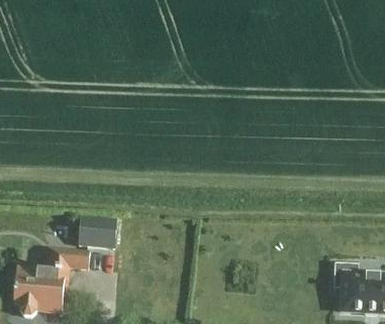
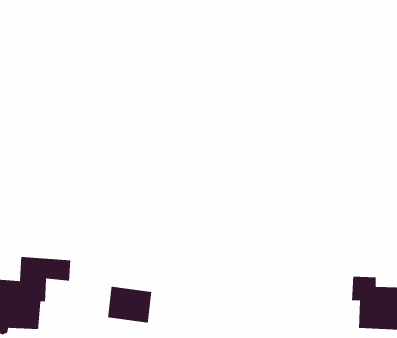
building: [77,217,116,250] -> [107,286,152,324]

